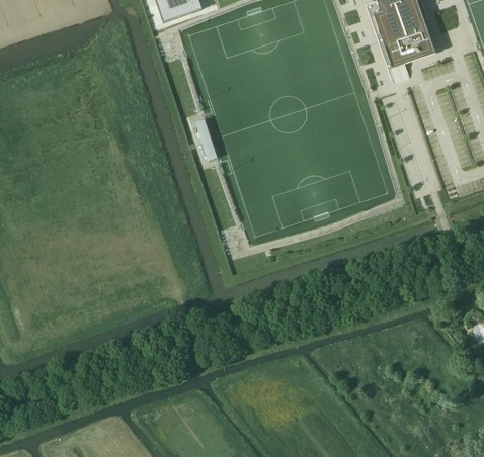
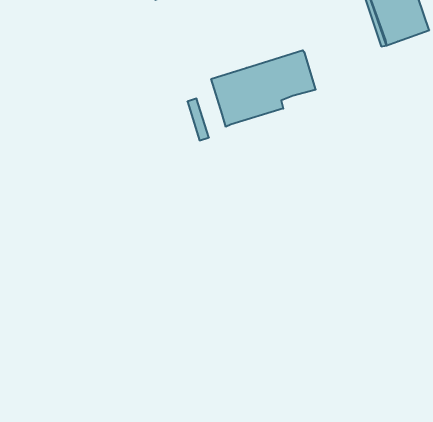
building: none -> [211,50,316,127]

